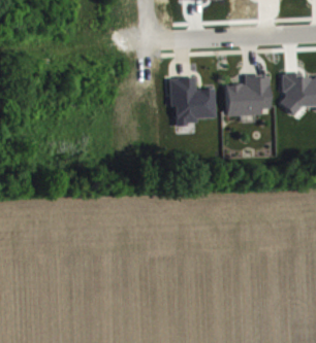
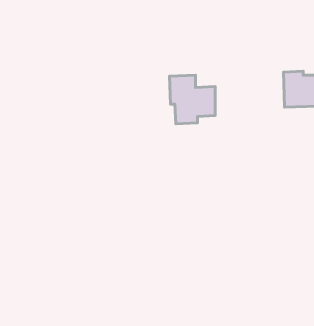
building: [226,75,271,114] -> none

